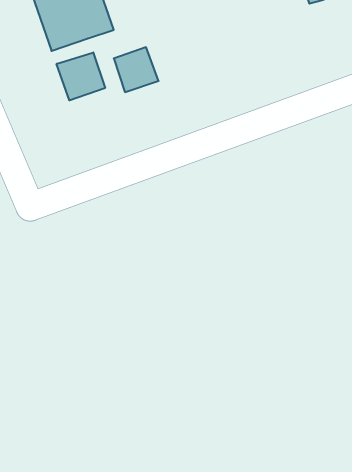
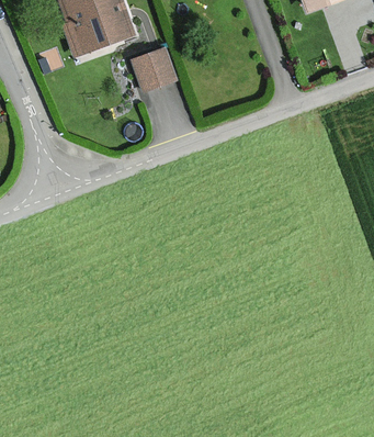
building: [57,52,105,100] -> none

